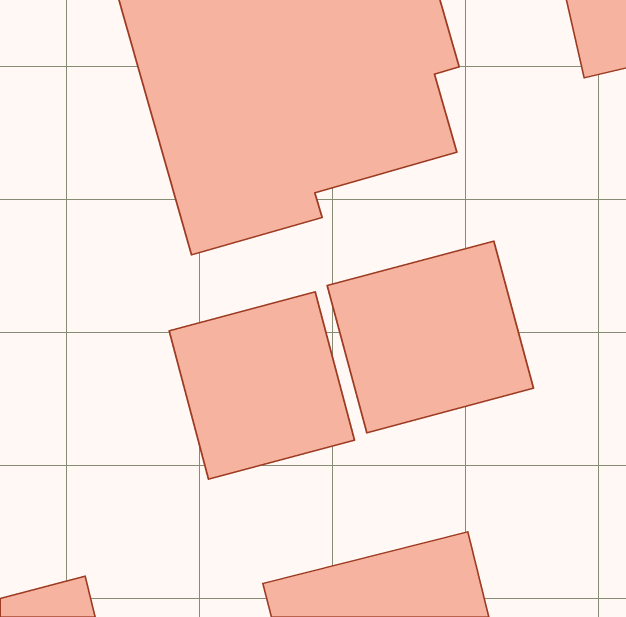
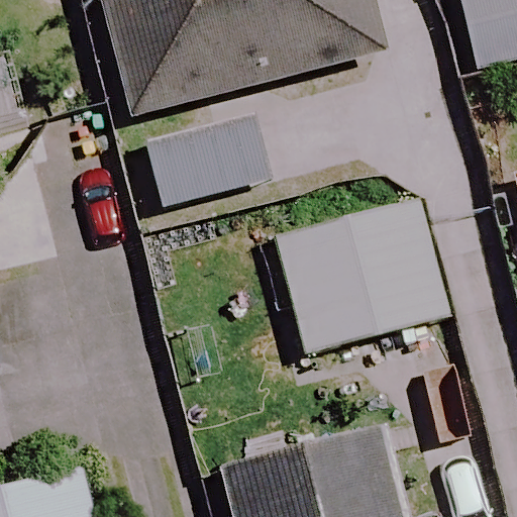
building: [169,292,354,479] -> none

